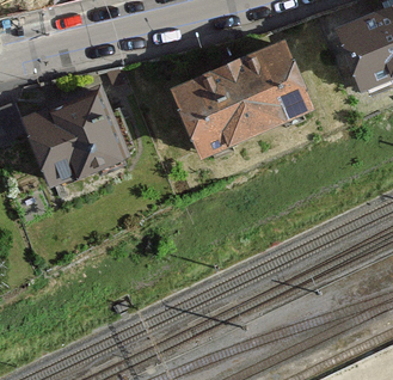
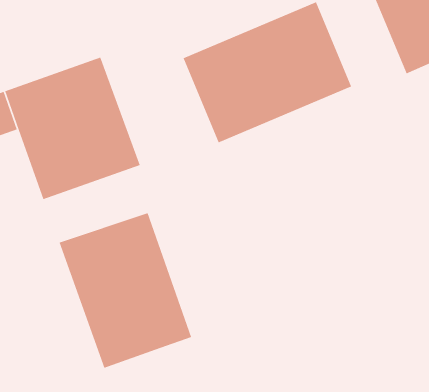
building: none -> [59,212,192,369]

